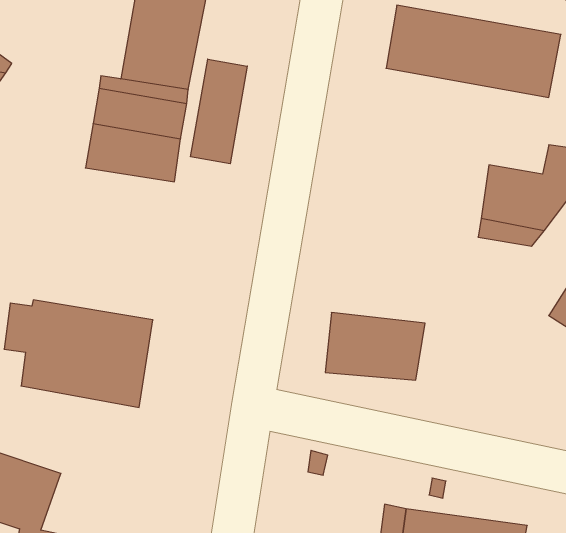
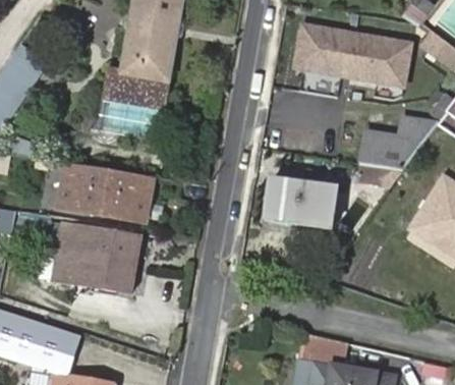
building: [191,59,247,164] -> none
building: none -> [59,162,152,222]
building: [325,313,425,380] -> [270,181,336,226]

